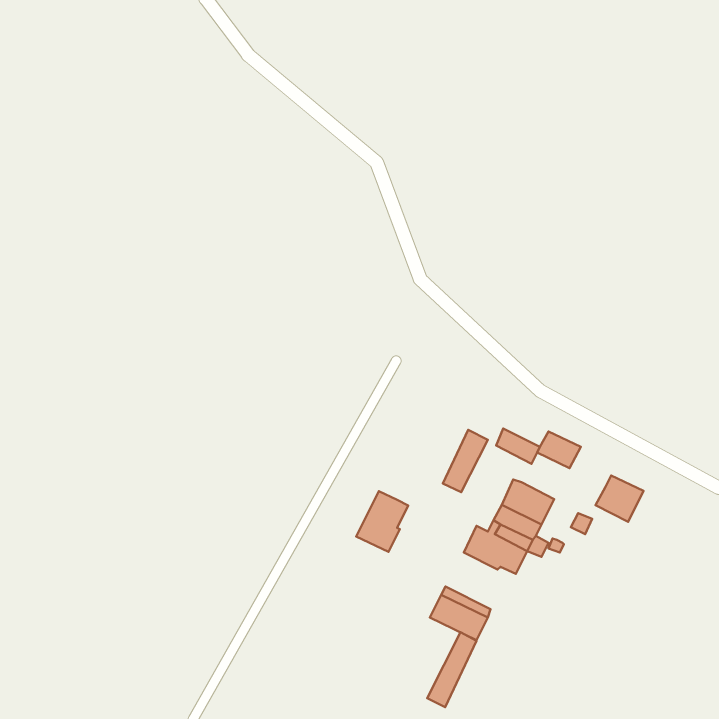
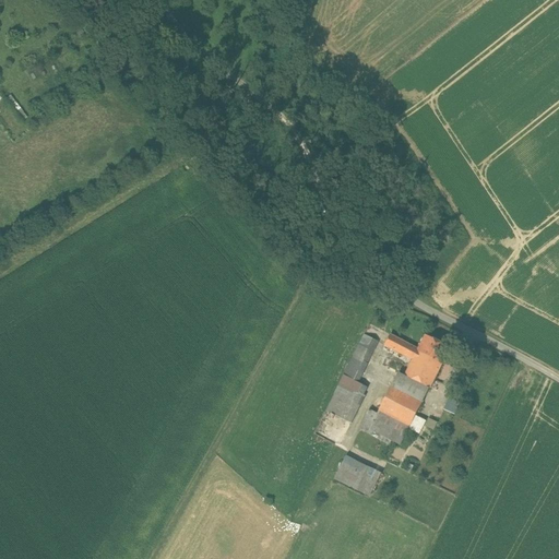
building: [596,475,644,522] -> [404,350,441,386]
building: [356,491,408,552] -> [325,374,366,421]
building: [427,632,477,707] -> none

